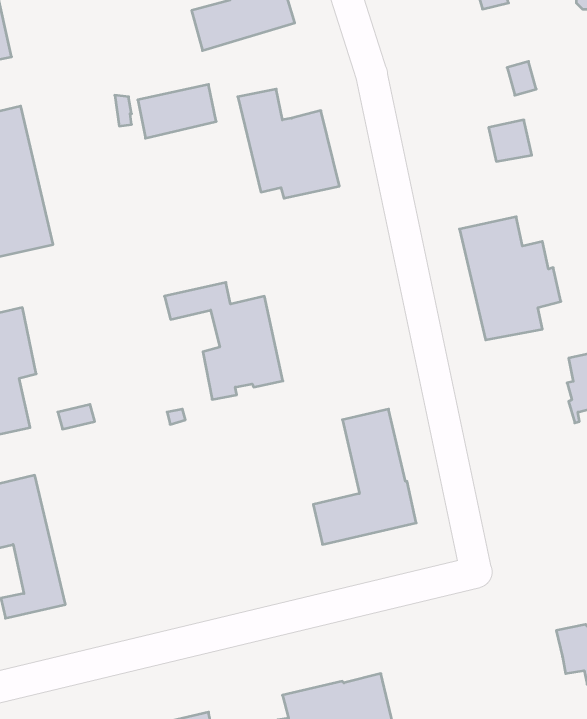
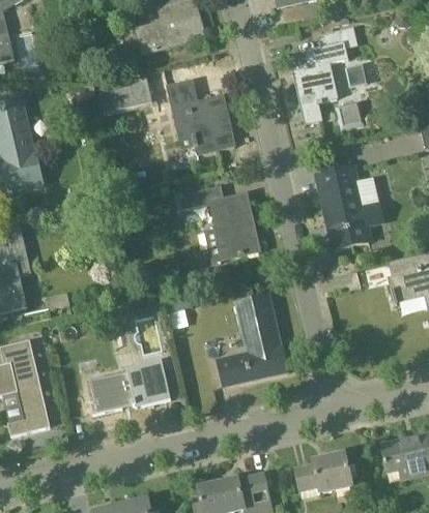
building: none -> [288,25,358,125]
building: [164,282,283,399] -> [179,184,259,263]
building: none -> [84,364,165,415]
building: none -> [295,453,352,495]

